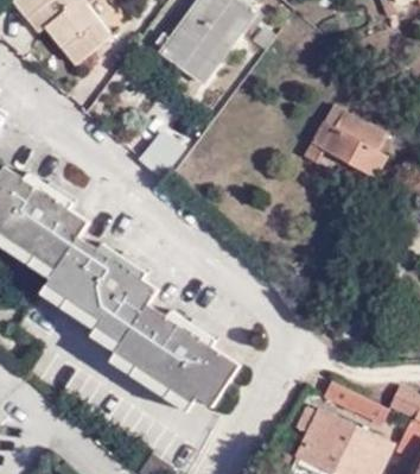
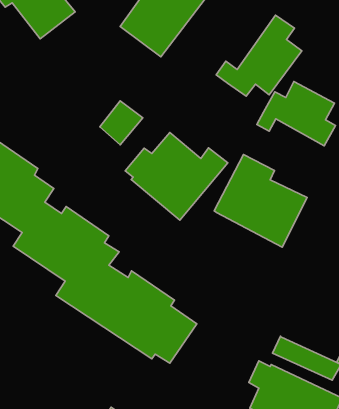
building: none -> [216,15,302,96]
building: none -> [125,132,228,220]
building: none -> [214,154,307,247]

